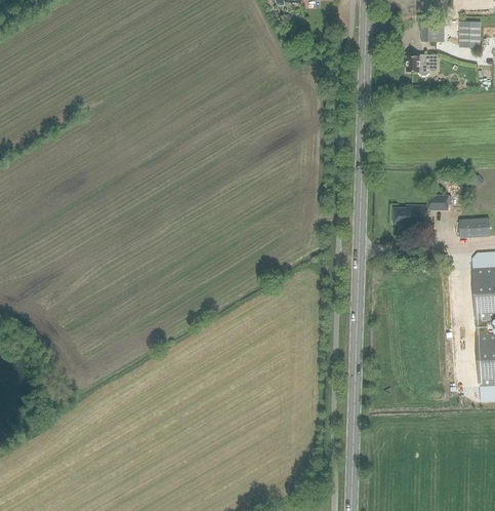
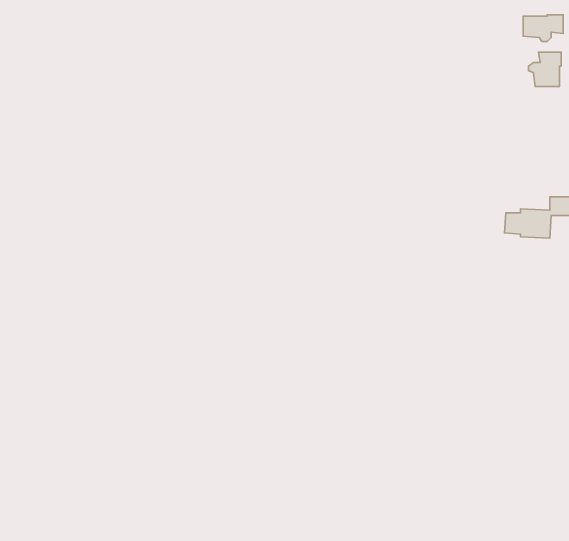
building: none -> [529,52,561,87]

